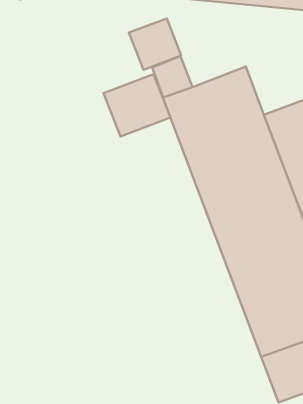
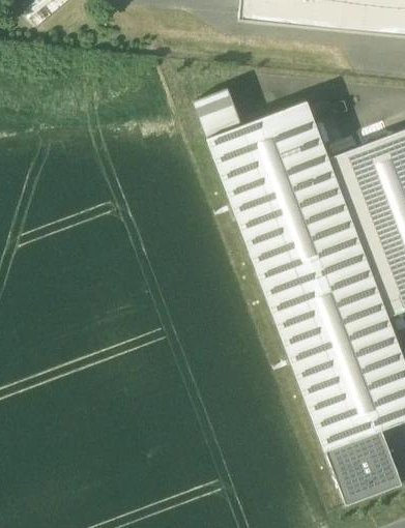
building: [129,18,181,70] -> none
building: [103,74,171,137] -> none

